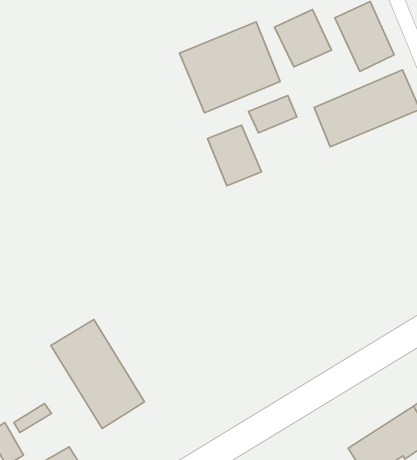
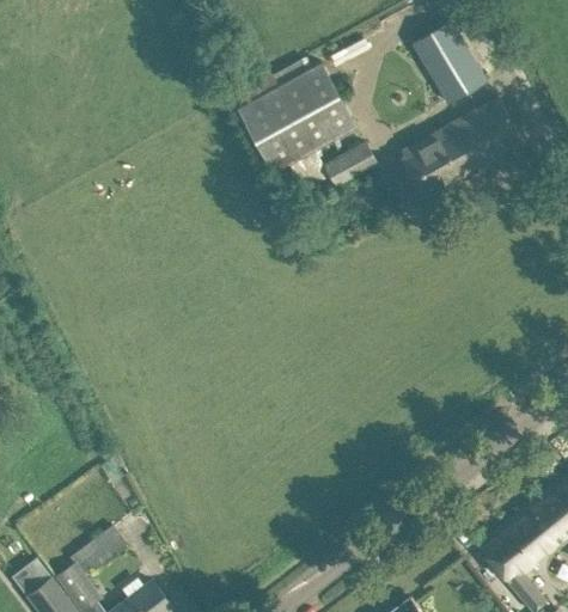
building: [274,10,331,67] -> none
building: [207,125,262,186] -> none
building: [51,320,144,428] -> none

